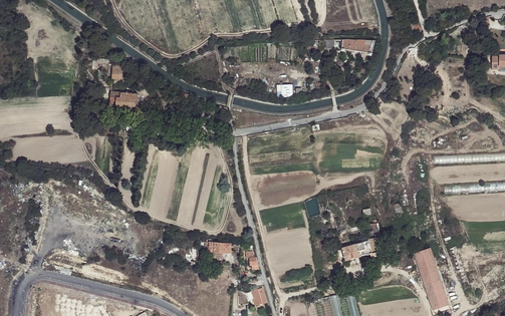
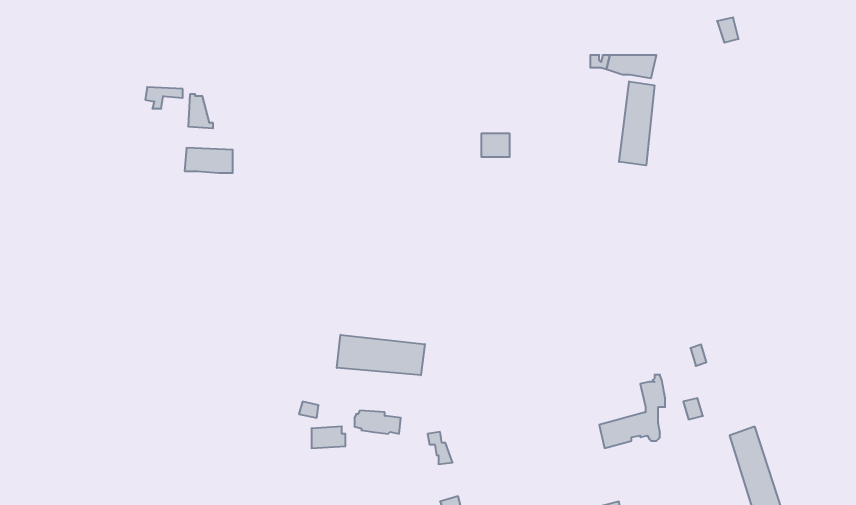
building: none -> [619,81,654,165]
building: none -> [337,335,425,375]

